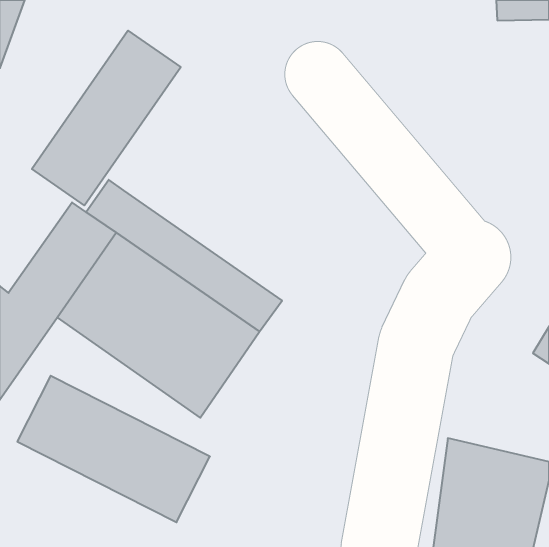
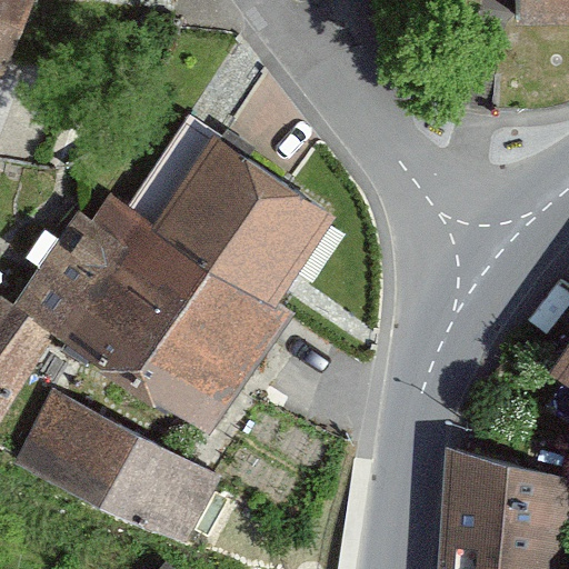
building: [32,31,181,205] -> none
building: none -> [128,116,332,301]

